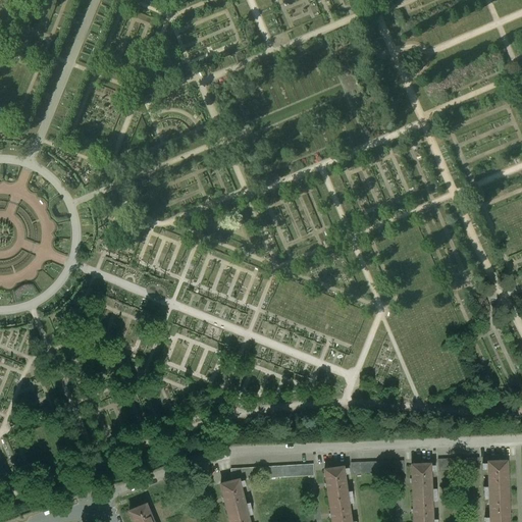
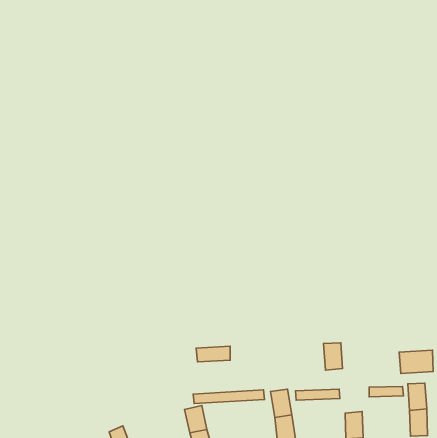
building: none -> [196,346,230,362]
building: none -> [399,350,433,374]
building: [410,459,432,491] -> [324,343,343,370]

